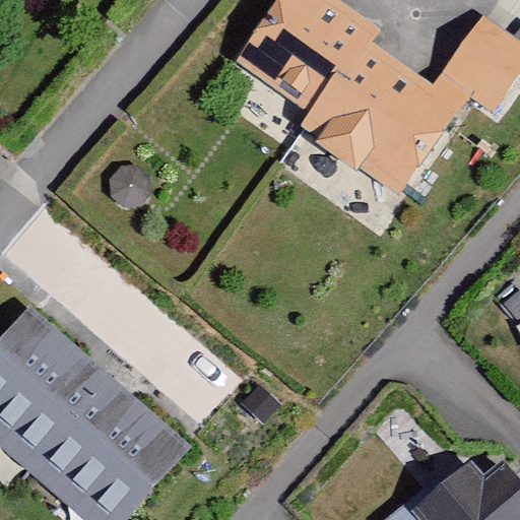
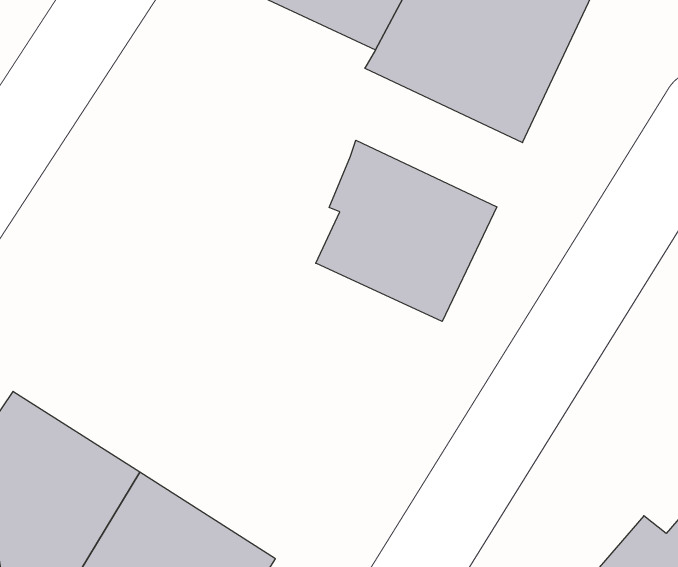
building: none -> [316,140,497,321]

